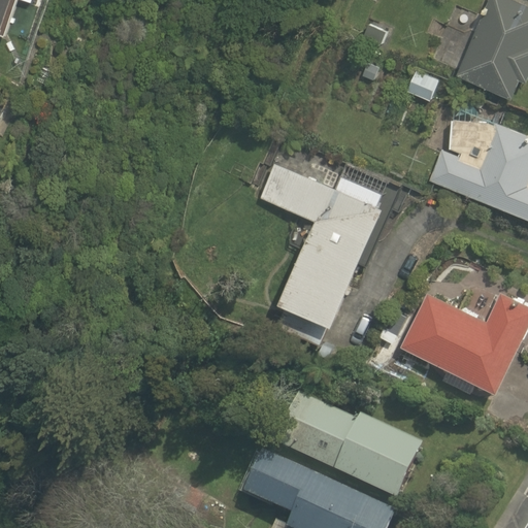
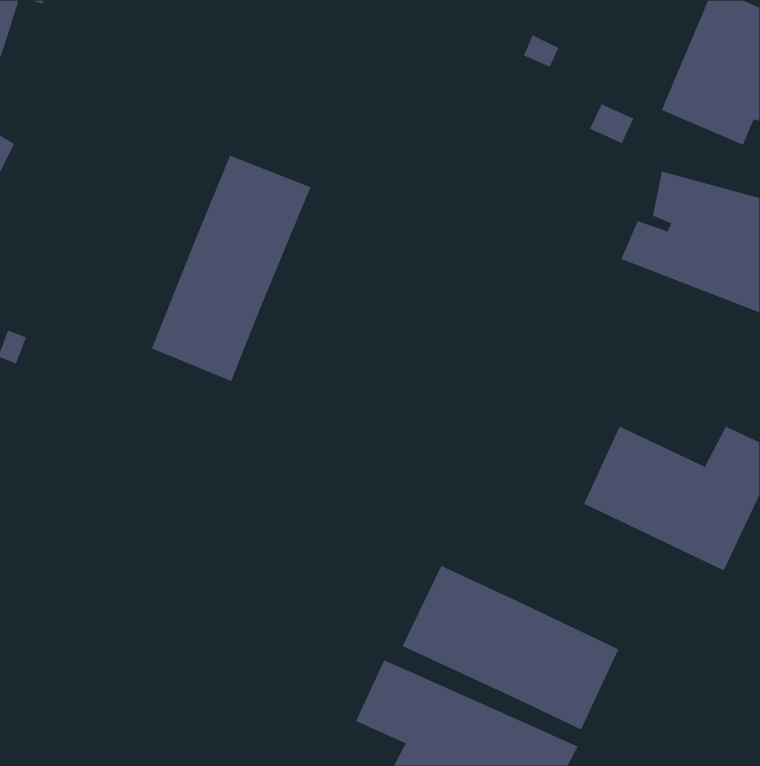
building: none -> [151,155,311,382]
building: [261,162,384,324] -> none

